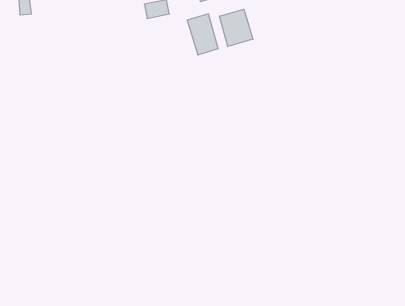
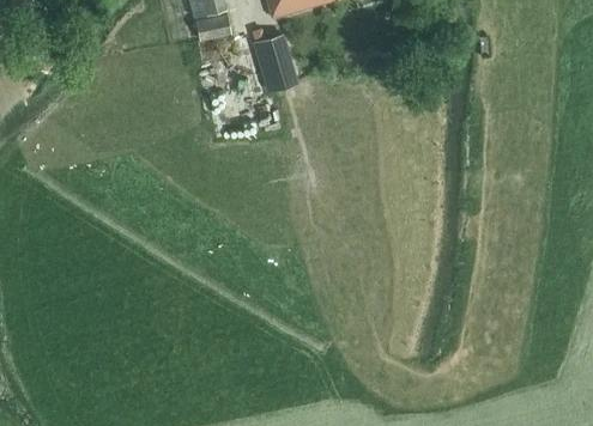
building: [220,9,253,47] -> none

